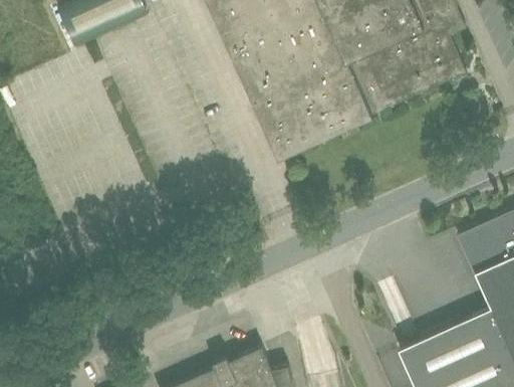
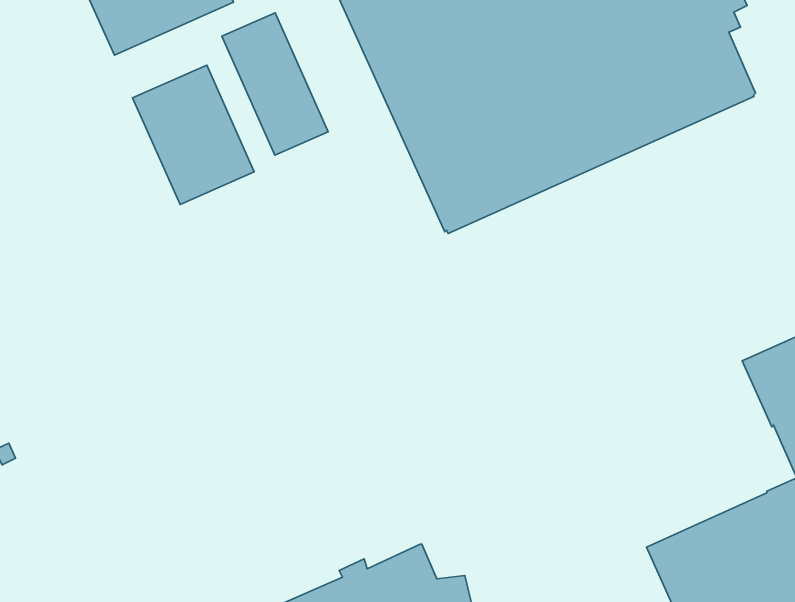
building: none -> [222,13,328,155]
building: none -> [133,65,254,205]

